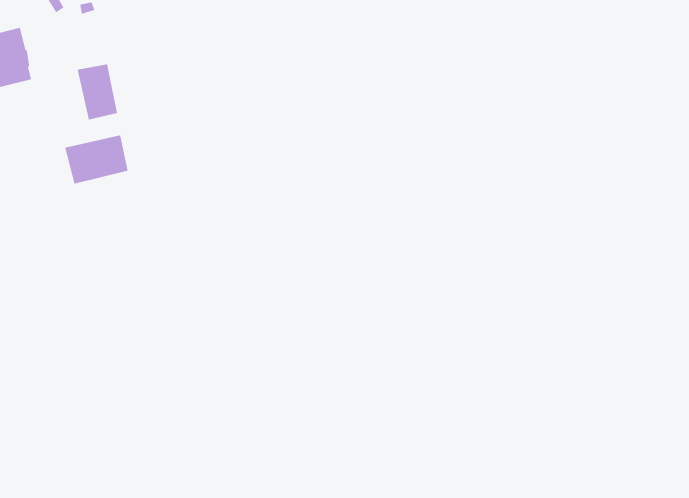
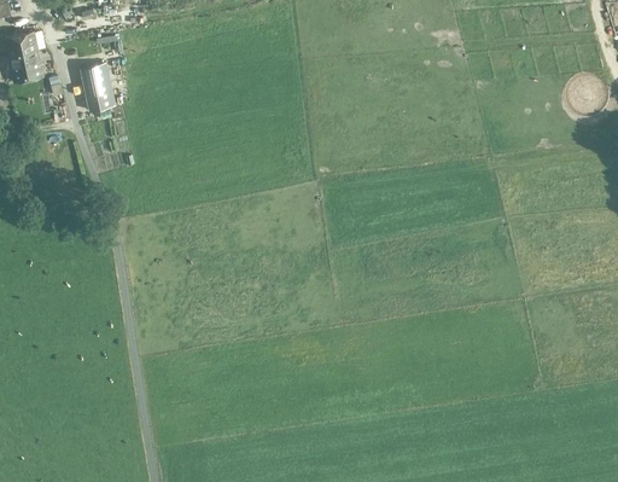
building: [65,135,128,185] -> none

